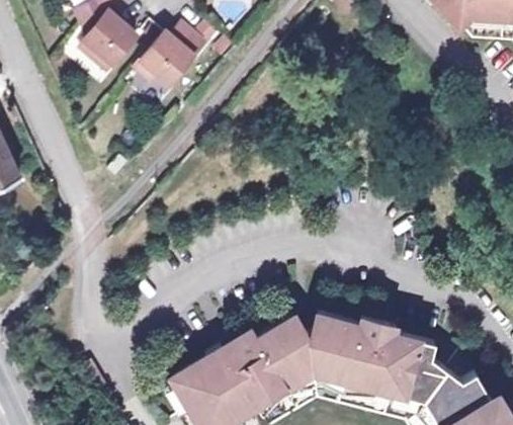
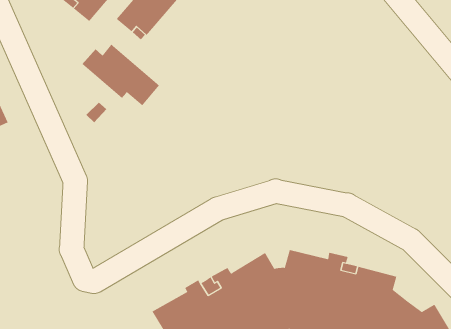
building: none -> [81,44,160,106]

